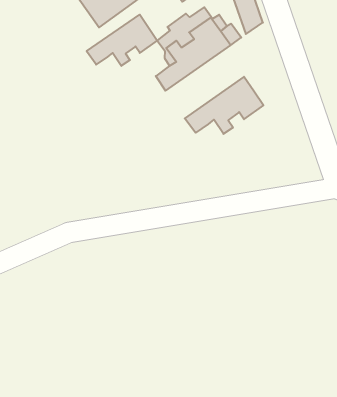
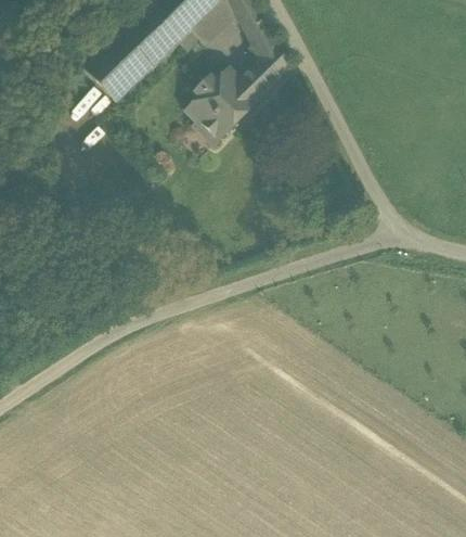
building: [87,15,157,66] -> none
building: [185,77,263,134] -> none

